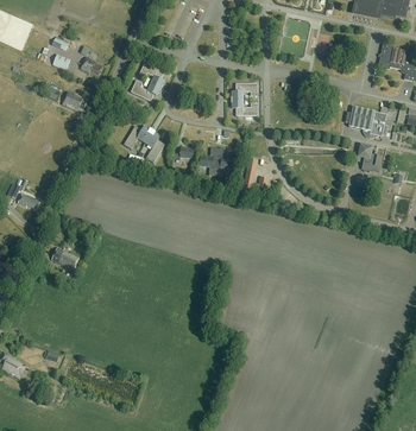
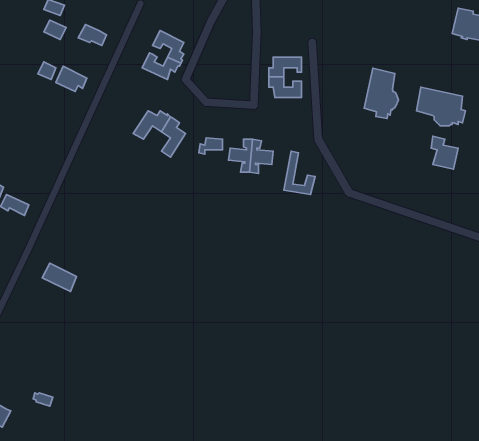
building: none -> [364,68,398,118]

